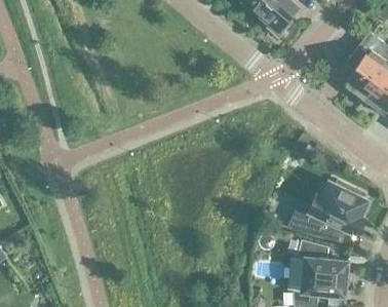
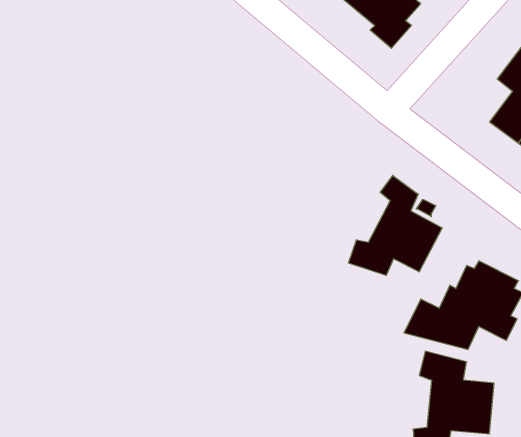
building: none -> [348,175,442,275]

